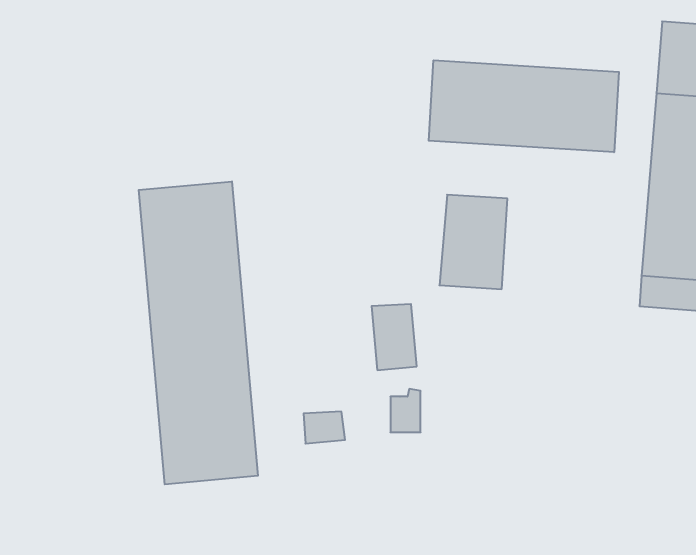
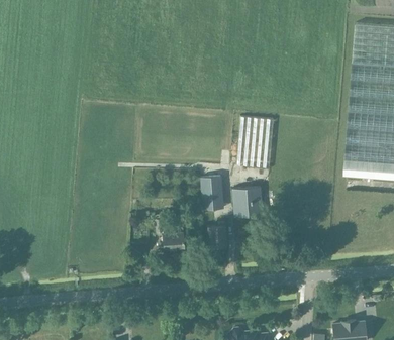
building: [429,60,619,152] -> none
building: [139,181,258,484] -> none
building: none -> [234,186,264,215]

